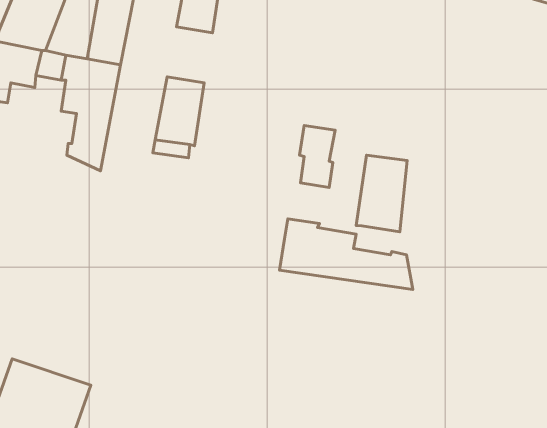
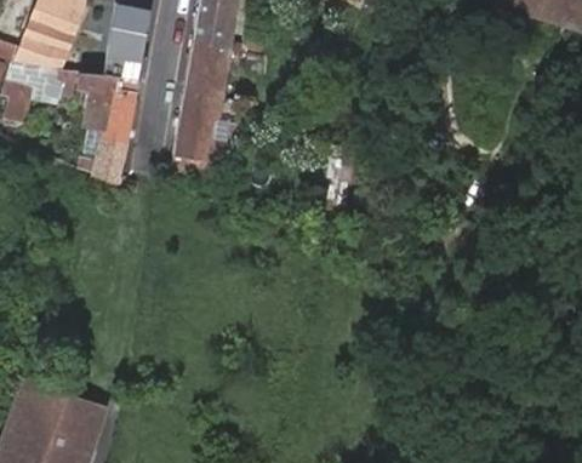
building: none -> [184,42,230,99]
building: [356,155,407,232] -> none
building: [279,219,413,289] -> none

